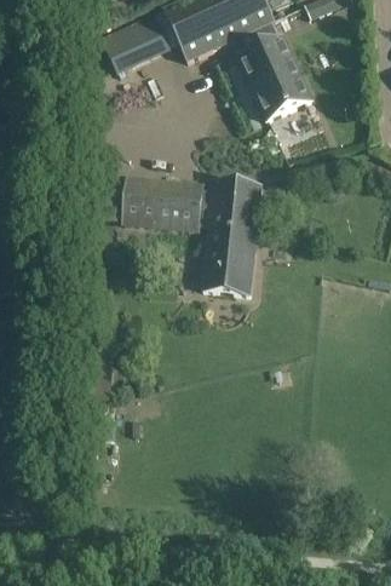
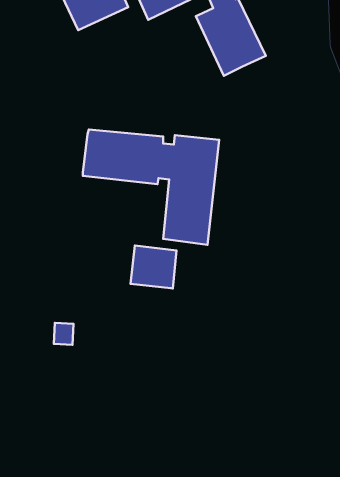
building: none -> [130,245,177,288]

